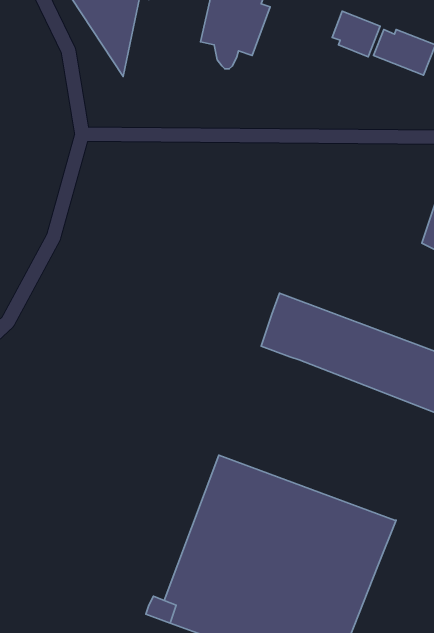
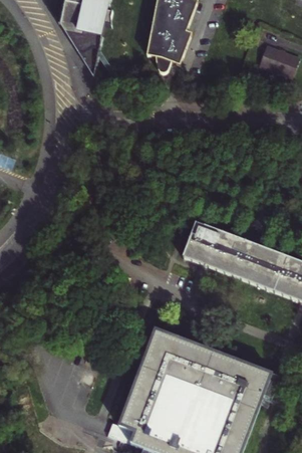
building: [332,11,380,57] -> none

